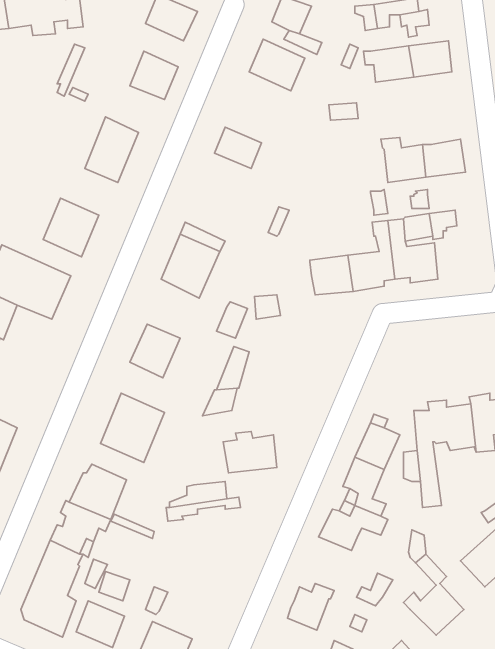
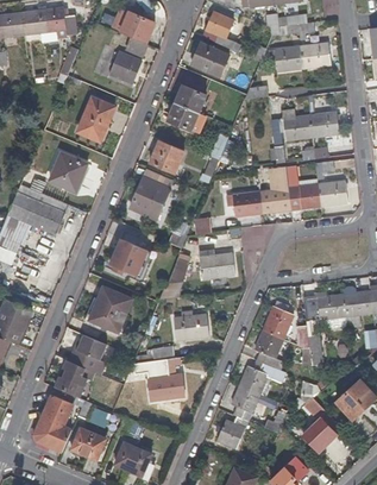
building: none -> [174,84,206,113]
building: none -> [149,140,184,174]
building: none -> [318,178,347,207]
building: none -> [199,248,234,279]
building: none -> [147,374,183,402]
building: none -> [230,384,260,420]

